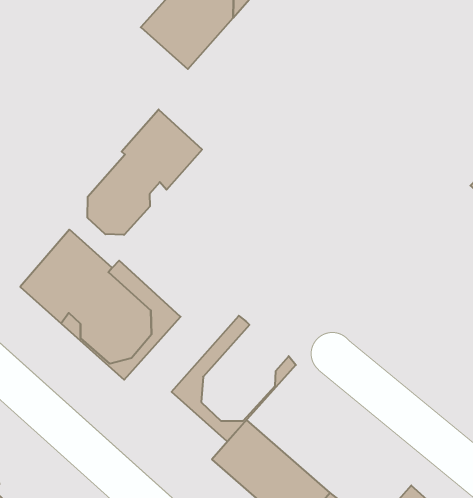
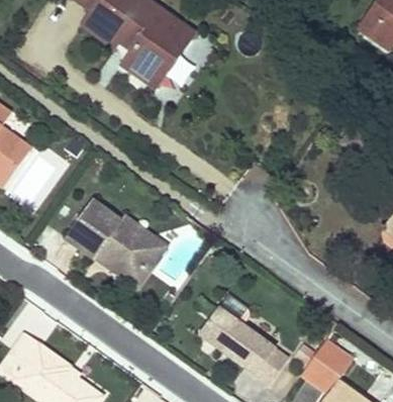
building: [88,109,202,235] -> none
building: [172,316,296,442] -> none

